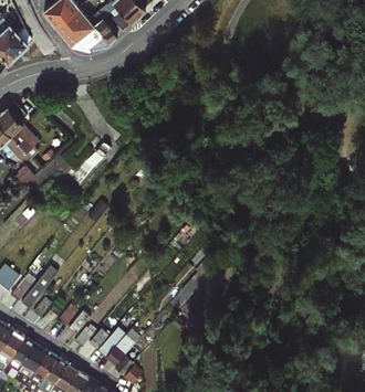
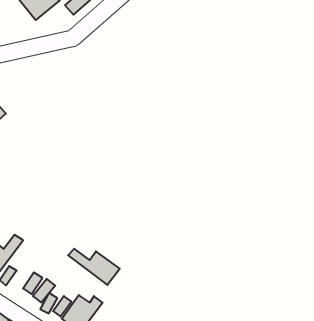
building: none -> [68,249,120,285]

